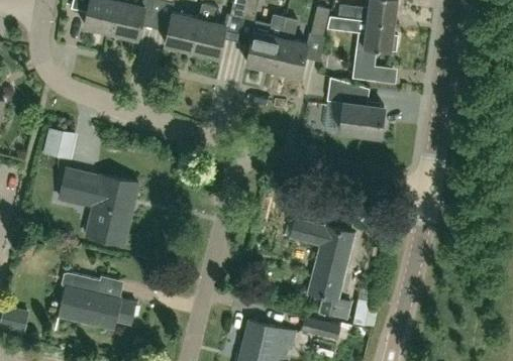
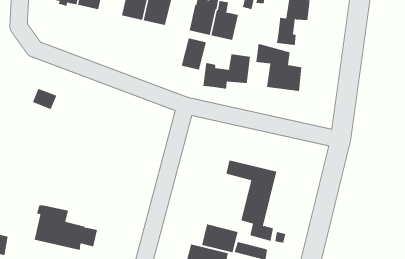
building: none -> [181,37,206,70]
building: none -> [203,53,250,90]
building: [59,169,138,245] -> none
building: none -> [202,223,238,253]

